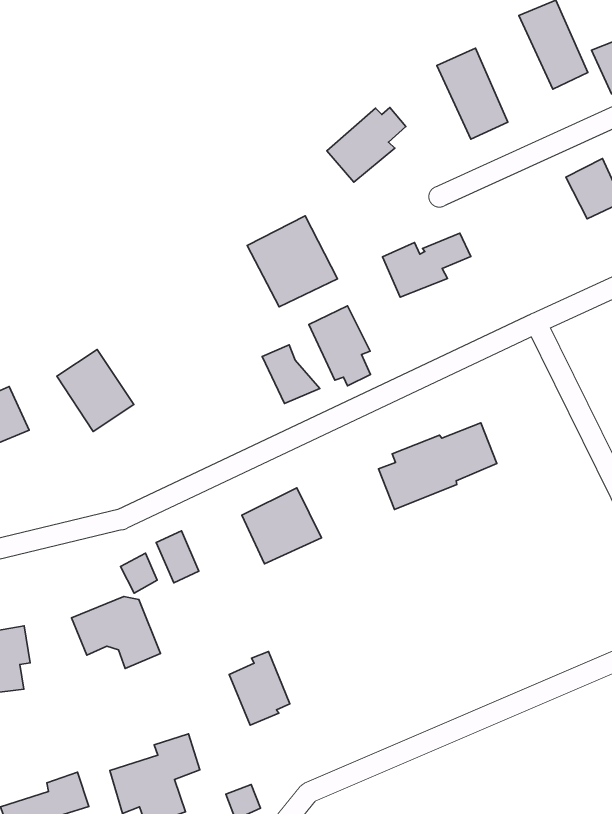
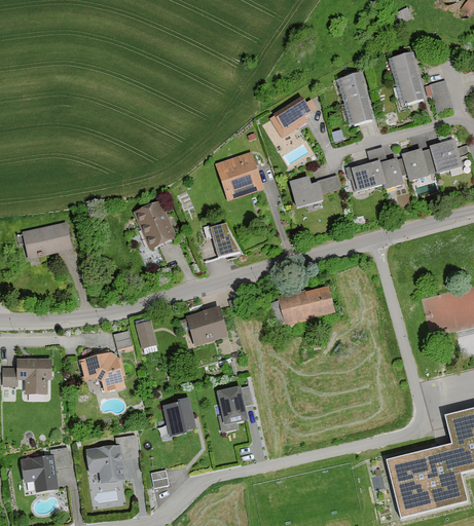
building: none -> [345,148,404,191]
building: [309,306,371,386] -> none
building: [57,349,134,431] -> [133,201,174,248]
building: none -> [217,386,252,430]

